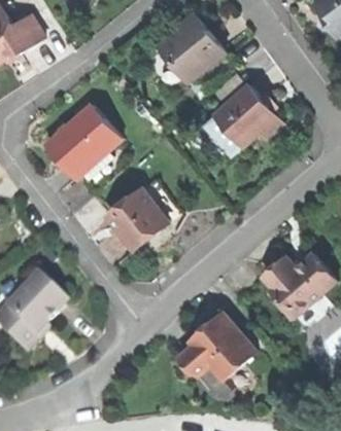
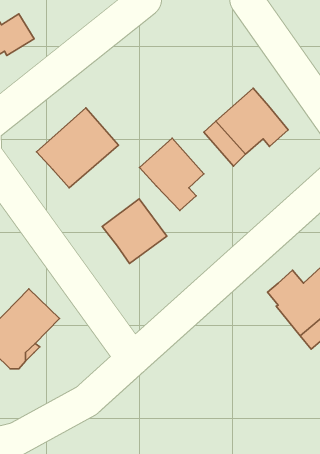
building: [159,15,224,79] -> none
building: none -> [140,138,204,210]
building: [176,311,254,380] -> none

